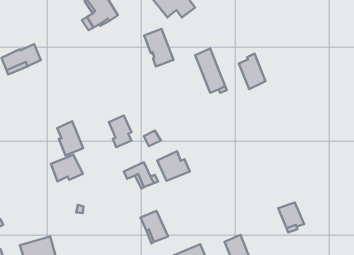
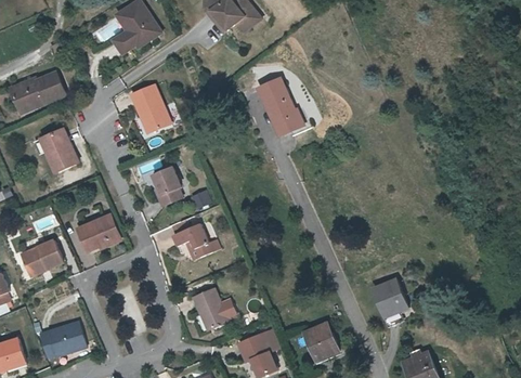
building: [144,29,173,67] -> [133,87,171,135]
building: [239,53,265,89] -> none
building: [57,121,83,156] -> [44,127,78,171]
building: [157,151,190,181] -> none
building: none -> [17,240,61,278]

